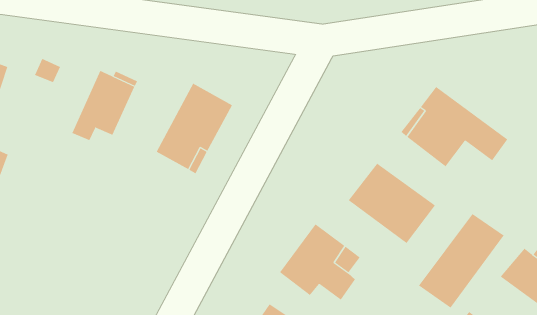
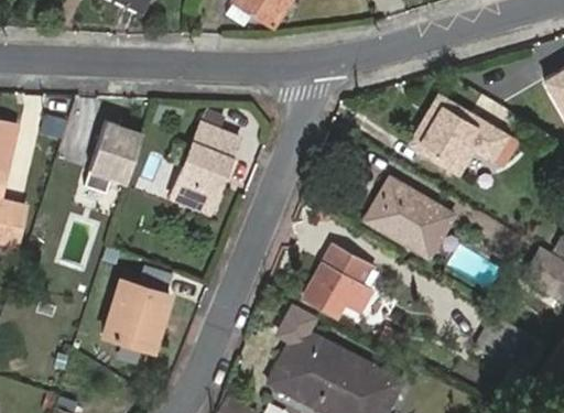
building: [418,213,504,309] -> none
building: none -> [101,275,169,347]

